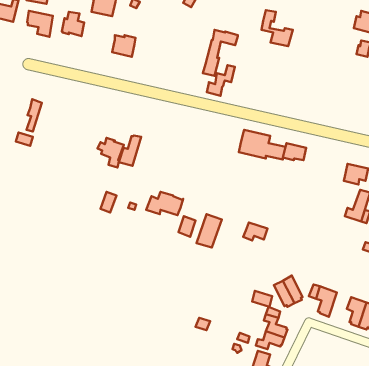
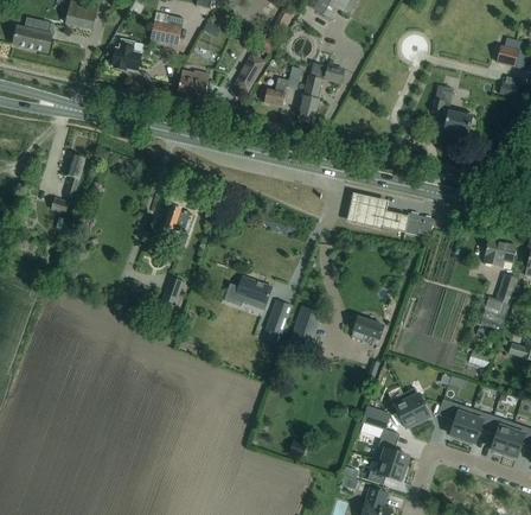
building: [261,10,293,46] -> [431,87,473,134]
building: [27,11,53,37] -> none
building: none -> [233,53,266,93]
building: [207,65,235,96] -> [264,66,301,107]
building: [119,135,141,166] -> none
building: none -> [463,409,493,444]

